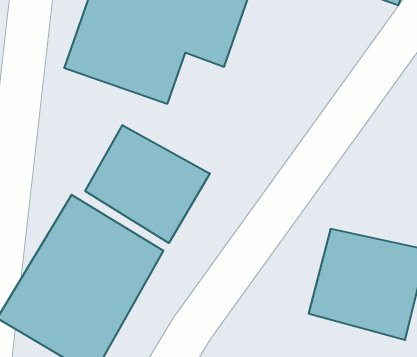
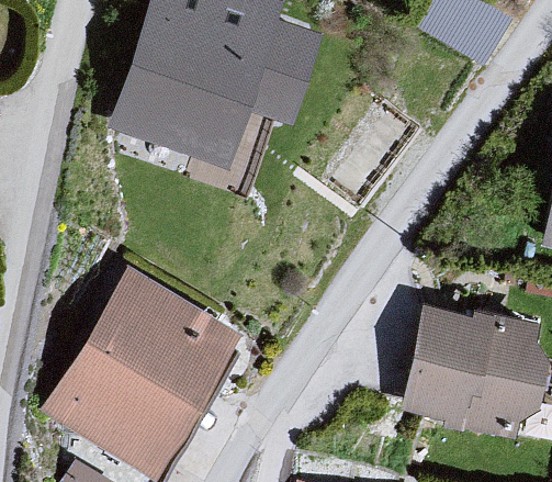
building: [85,125,210,243] -> none

